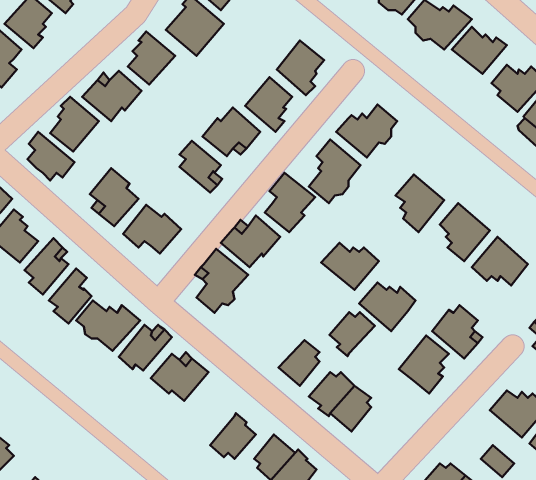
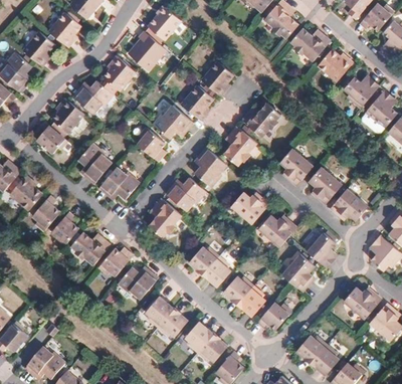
building: [329,312,375,356] -> [190,248,220,277]
building: none -> [147,296,174,327]
building: none -> [257,303,292,331]

